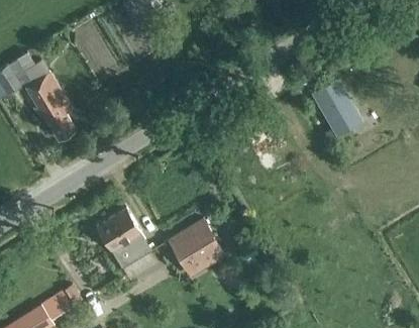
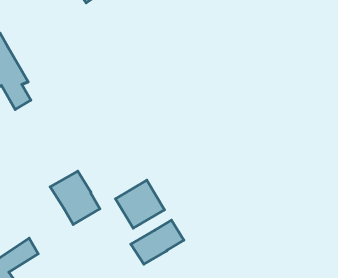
building: [311,78,362,137] -> none
building: none -> [131,220,184,264]

